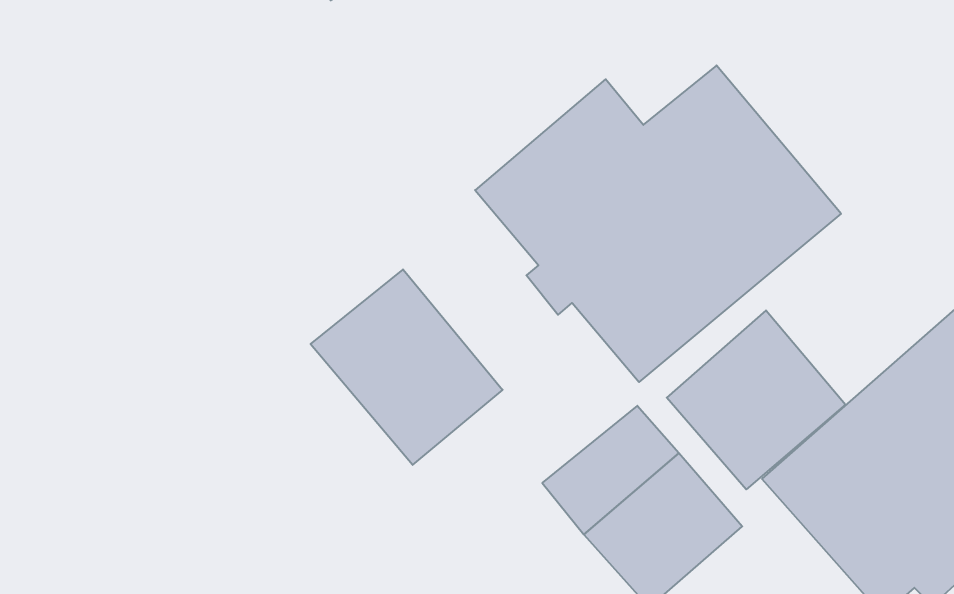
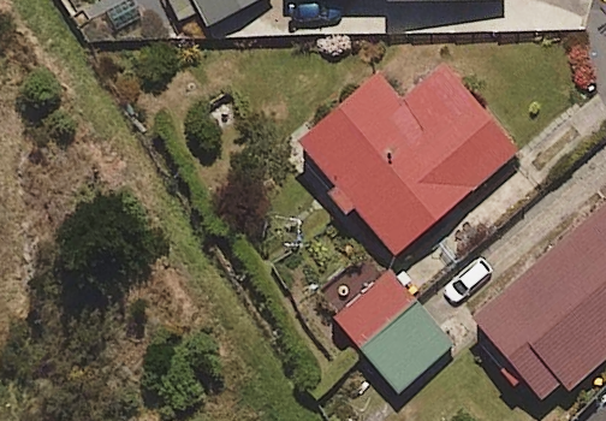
building: [311,269,503,465] -> none
building: [667,310,845,489] -> none

